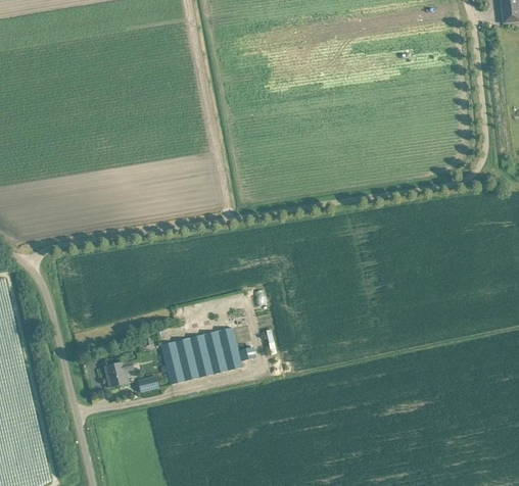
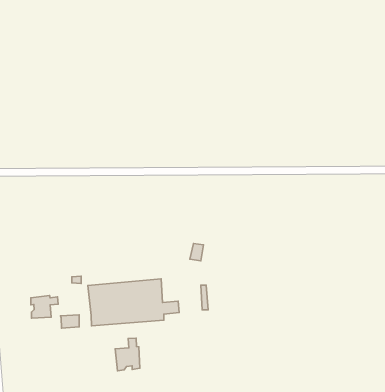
building: none -> [115,338,140,371]

